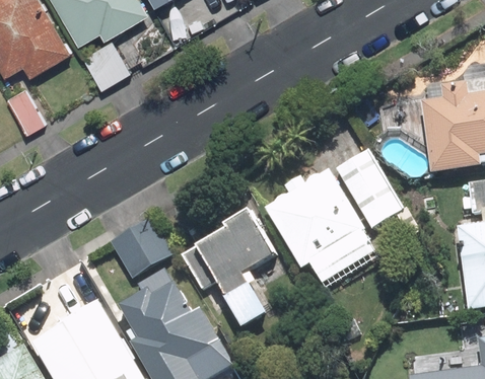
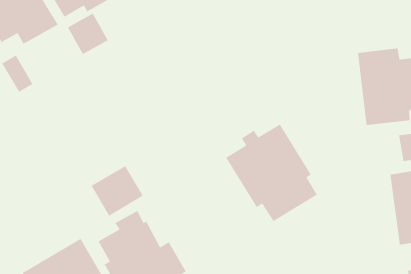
building: [336,149,404,228] -> none
building: [182,210,275,325] -> none

